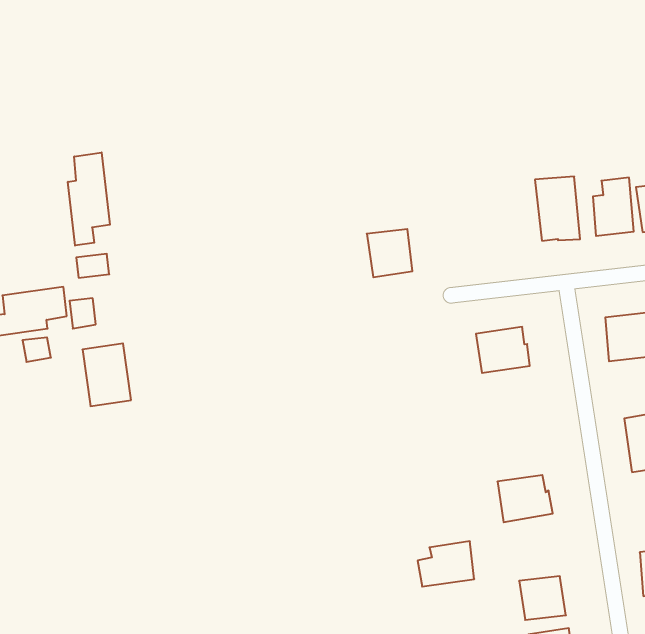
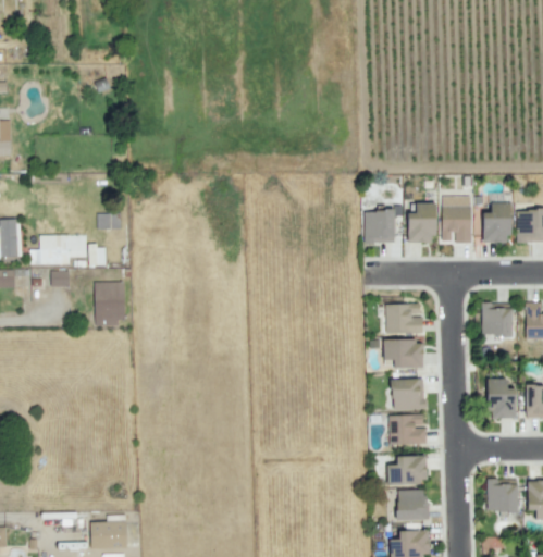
building: [68,152,110,246] -> none
building: none -> [407,203,435,243]
building: [367,229,412,277] -> [363,211,394,244]
building: none -> [383,341,422,368]
building: none -> [391,379,424,411]
building: [418,541,474,587] -> [386,456,427,485]

